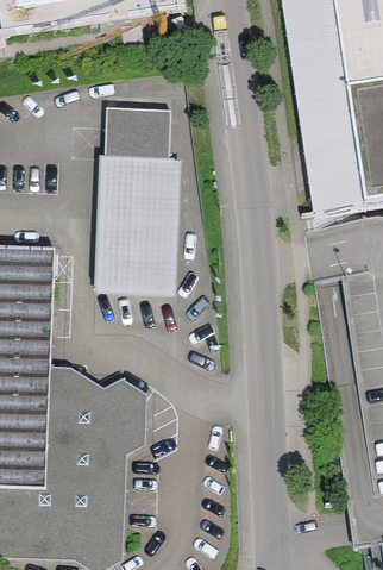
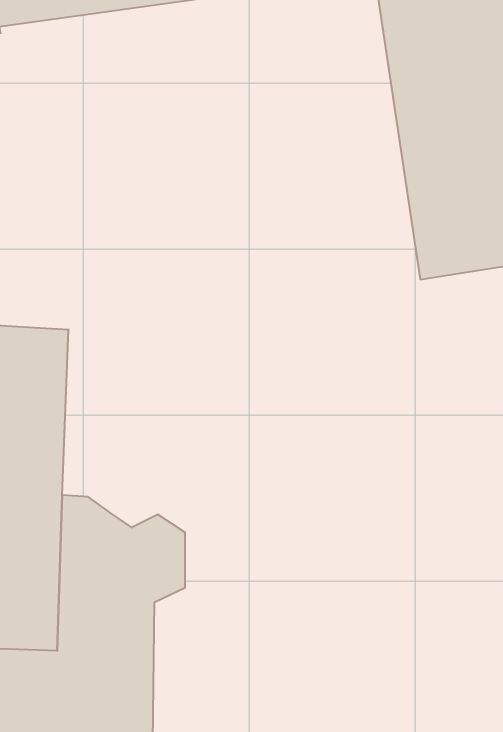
building: [95,108,175,287] -> none

